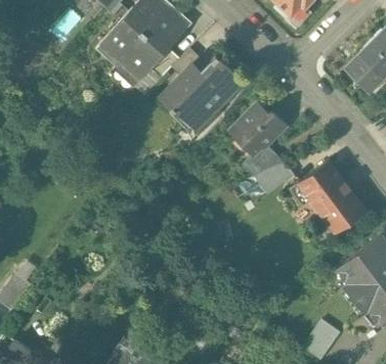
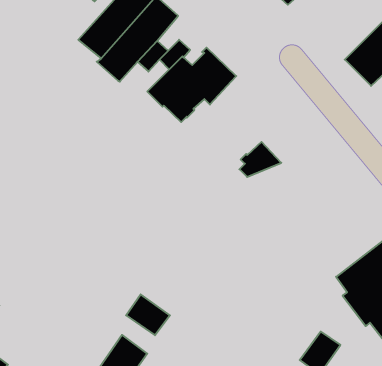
building: [229,104,289,157] -> none
building: [290,162,366,235] -> none
building: [253,165,292,196] -> none
building: none -> [126,294,170,335]

